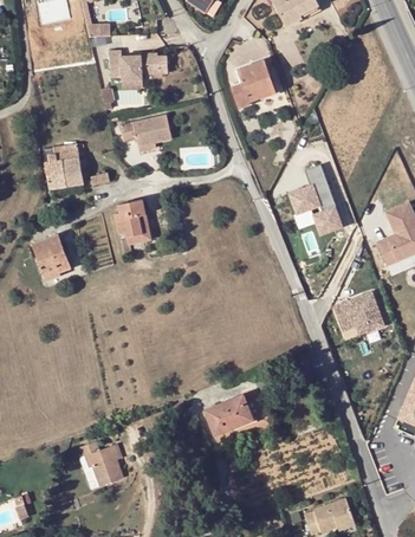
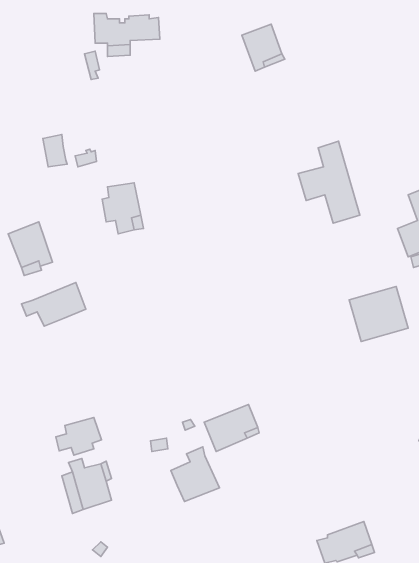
building: [118,112,170,144] -> none
building: [44,144,79,189] -> none
building: none -> [21,282,86,326]
building: none -> [56,417,102,455]
building: none -> [171,447,219,502]

